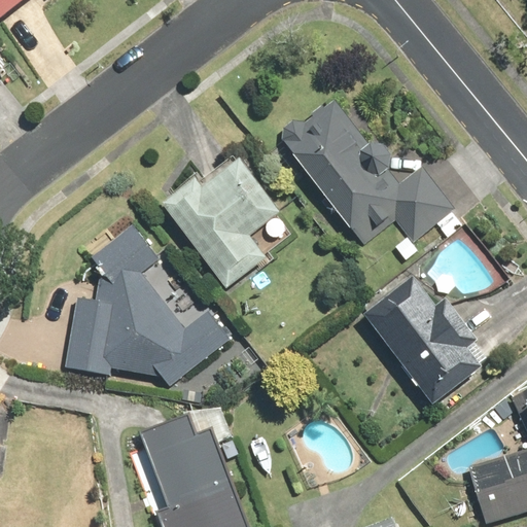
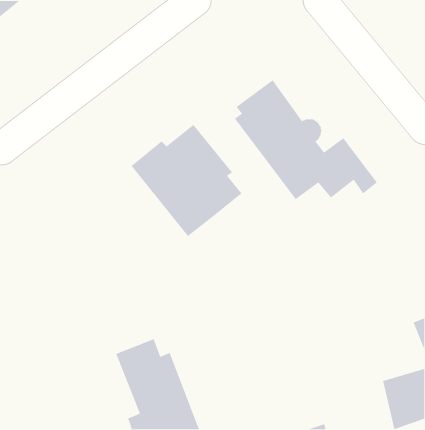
building: [65,222,231,387] -> none
building: [364,276,482,406] -> none

